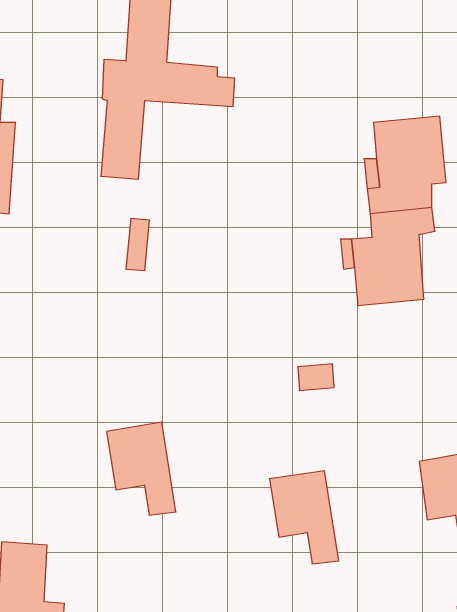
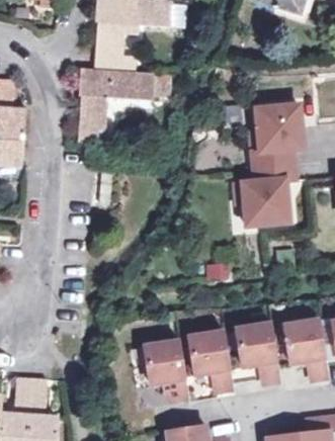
building: [107,422,176,515] -> [143,341,187,401]
building: none -> [235,324,279,383]

